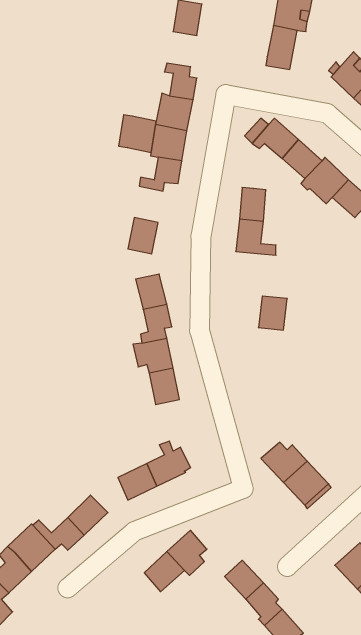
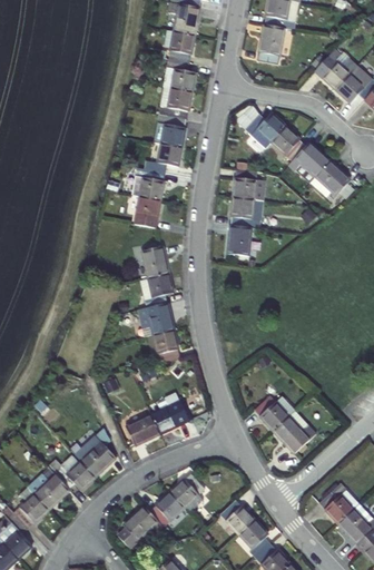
building: none -> [163,28,196,61]
building: [119,115,156,152] -> [132,166,166,199]
building: [258,296,287,330] -> [227,225,253,255]
building: none -> [118,505,164,549]

